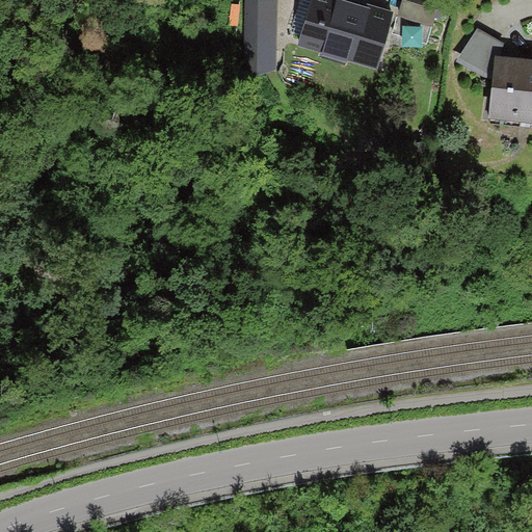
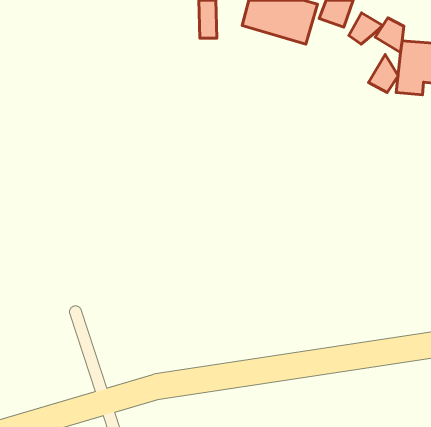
building: none -> [349,13,383,44]
building: none -> [369,55,398,92]

